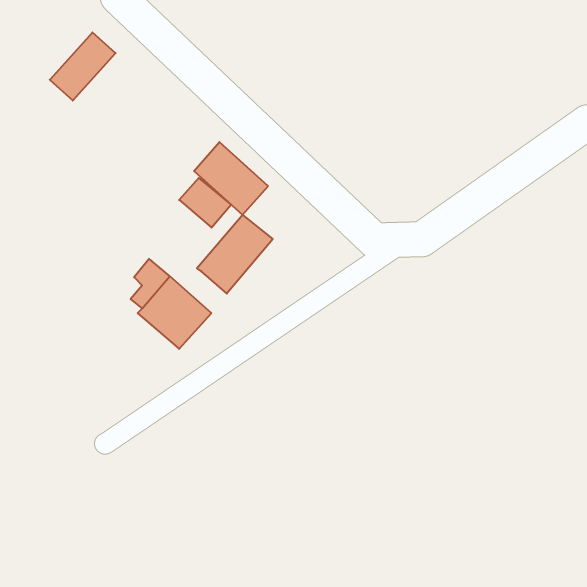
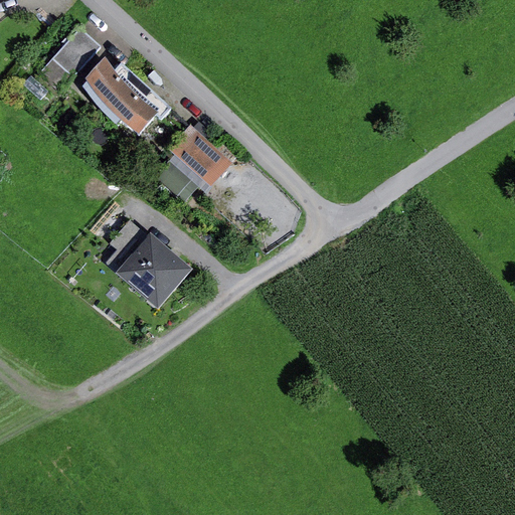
building: none -> [81,58,172,135]
building: [197,215,273,294] -> none

